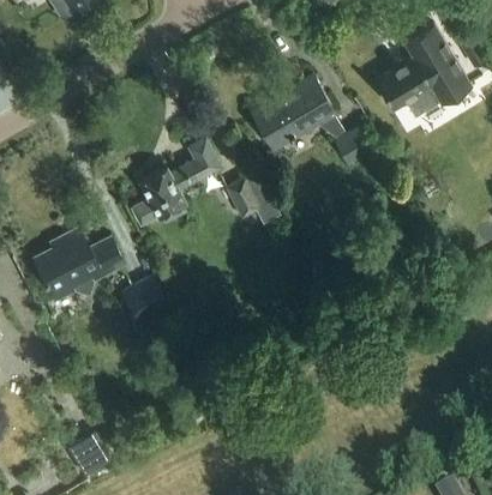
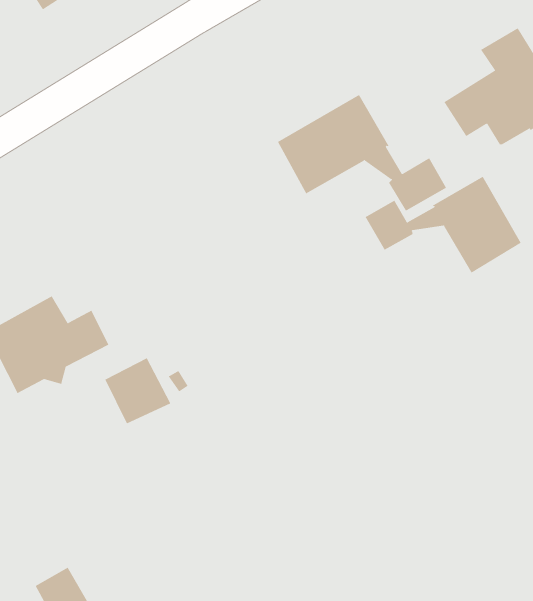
building: none -> [365,176,522,274]
building: [132,138,222,225] -> none
building: [227,175,271,219] -> none

